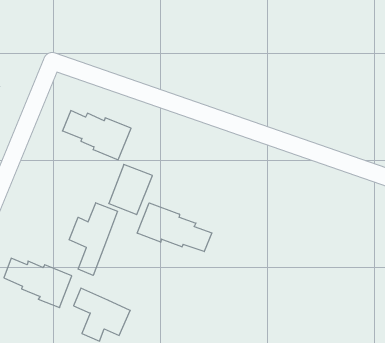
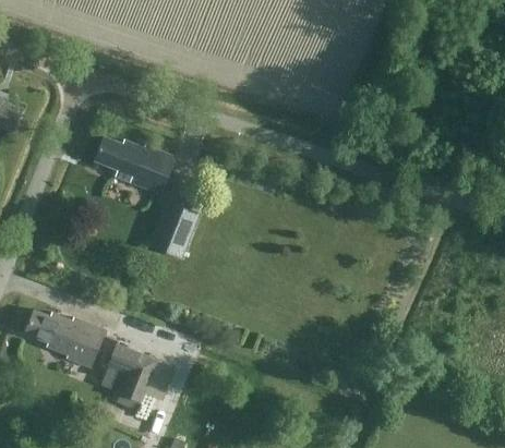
building: [69,203,118,275] -> none
building: [137,203,212,252] -> none

